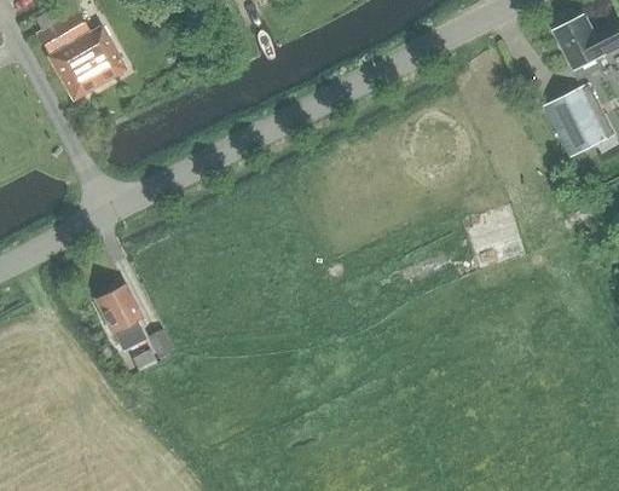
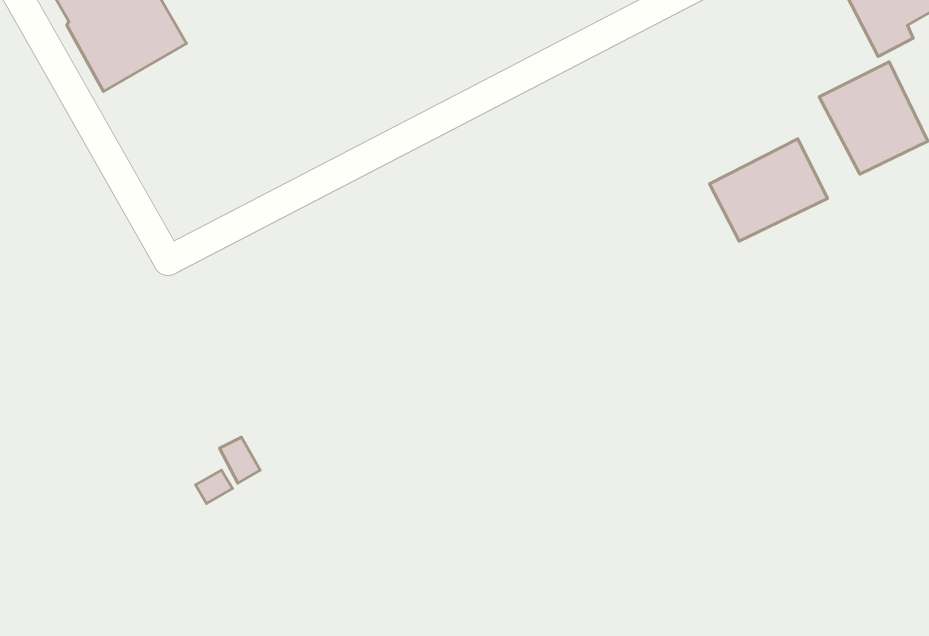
building: none -> [710,139,828,241]
building: [97,283,146,350] -> none

